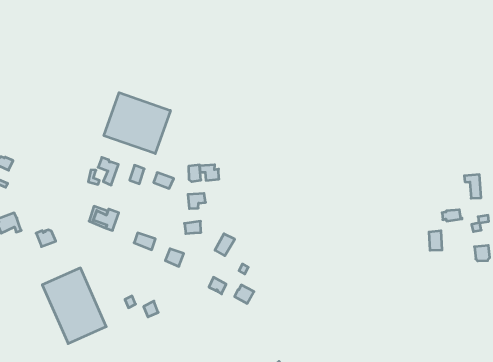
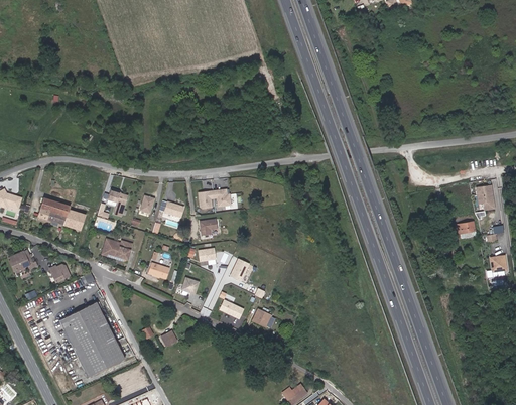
building: [104,93,170,154] -> none
building: none -> [38,197,85,230]

